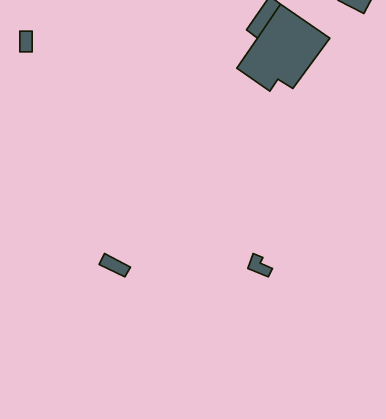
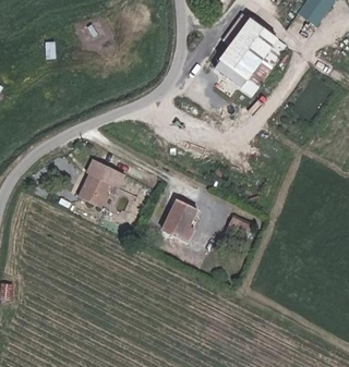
building: none -> [75,159,120,207]
building: none -> [163,201,195,242]

